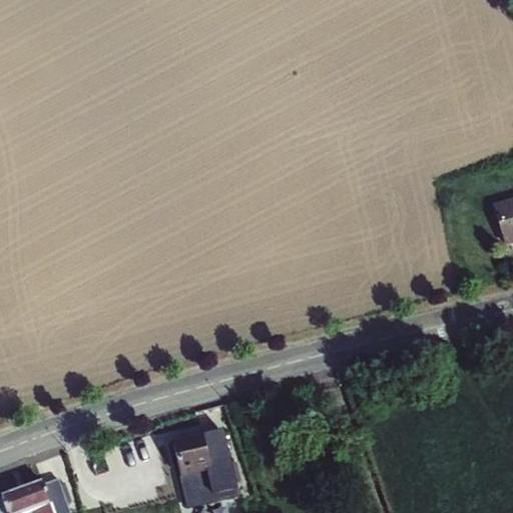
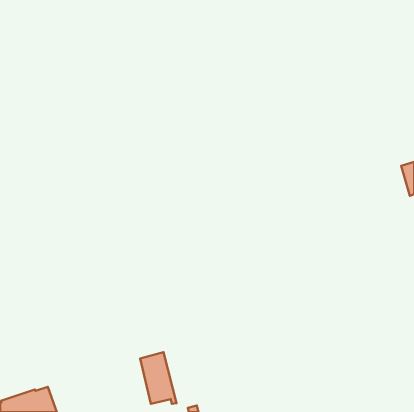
building: [202,431,238,499] -> none

